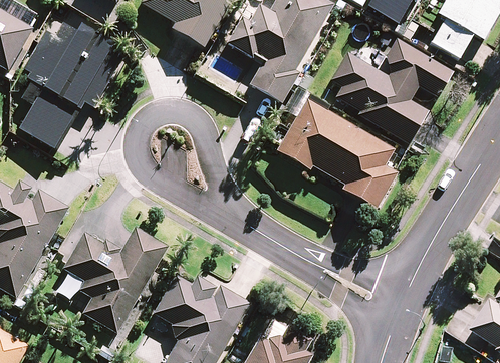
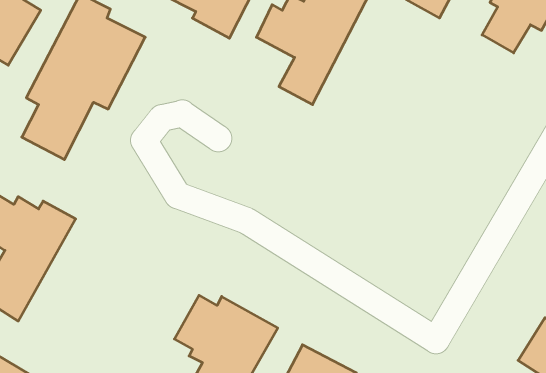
building: [332,38,453,141] -> none
building: [271,96,396,205] -> none
building: [65,227,168,332] -> none

